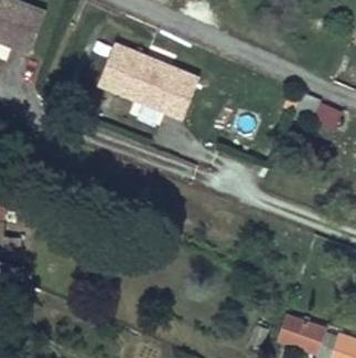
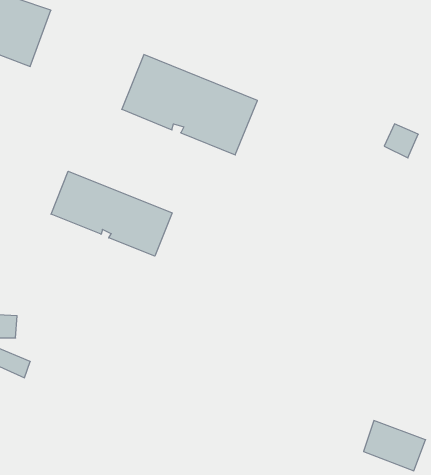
building: none -> [51,171,172,256]

